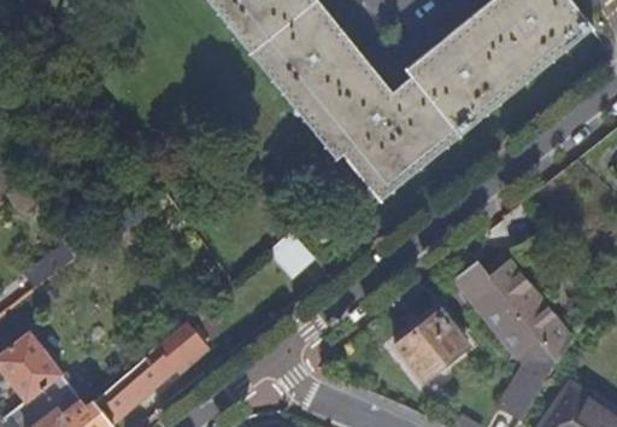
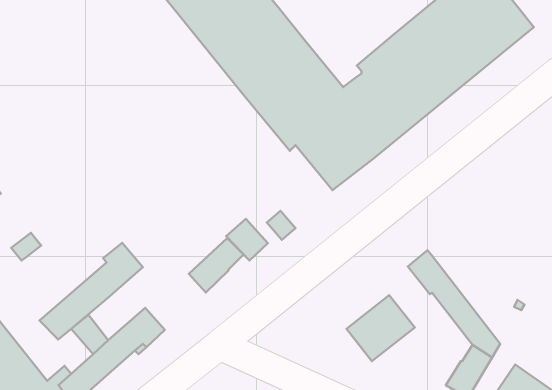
building: none -> [189,238,244,292]
building: none -> [39,243,143,340]
building: [484,257,570,361] -> none

